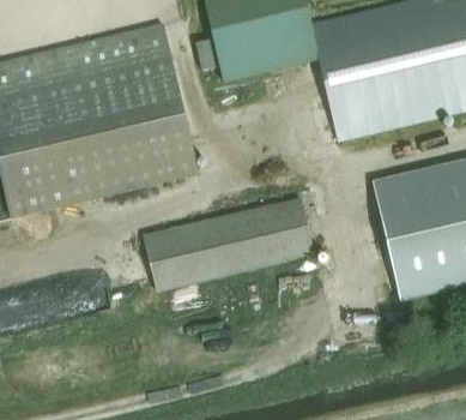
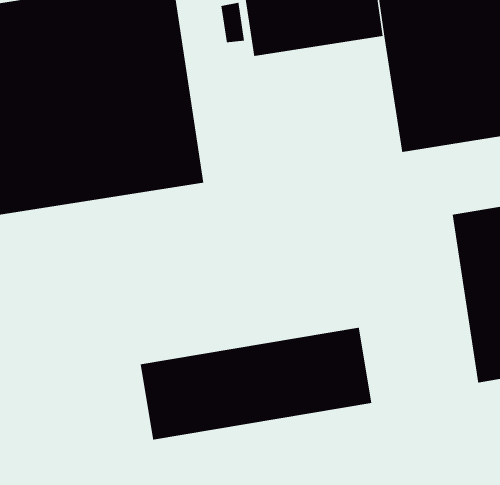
building: [144,198,313,290] -> [140,327,372,440]

